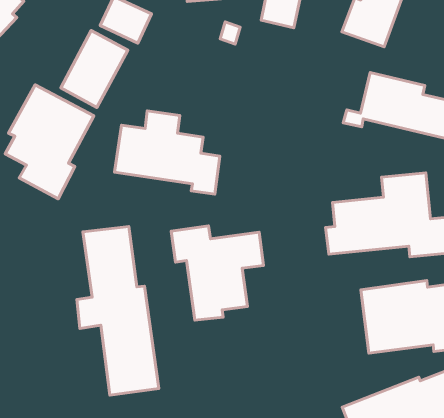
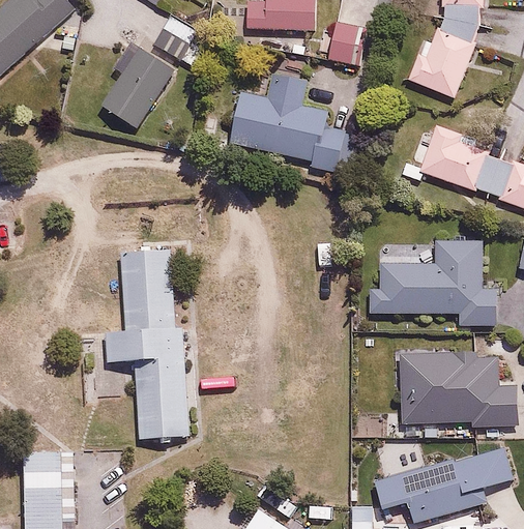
building: [5,85,94,199] -> none
building: [114,111,220,194] -> [231,77,345,173]
building: [171,226,264,320] -> none

